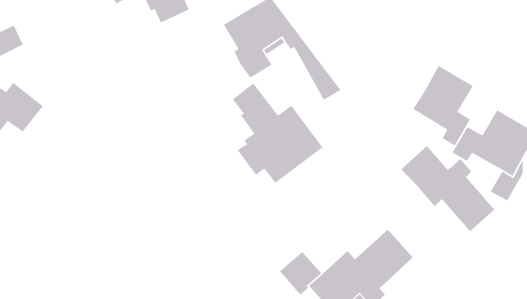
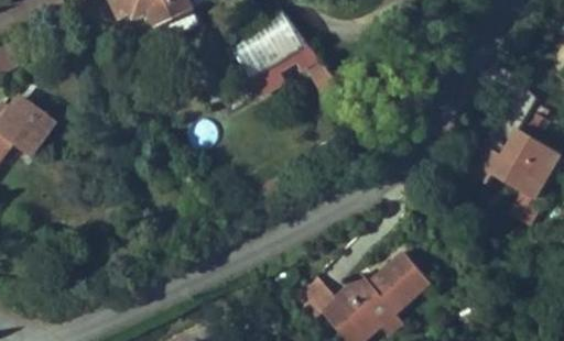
building: [412,65,474,147] -> none
building: [232,83,324,184] -> none
building: [400,145,495,232] -> none

